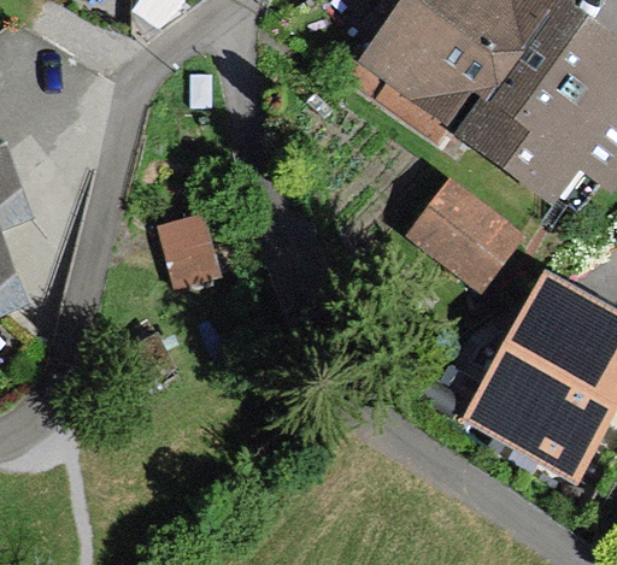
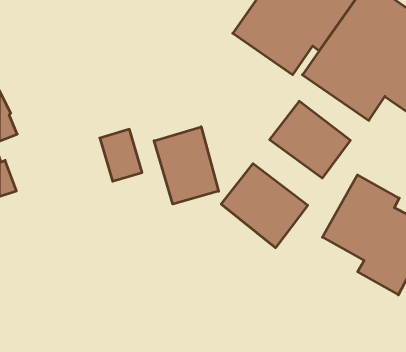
building: none -> [154,127,219,204]
building: none -> [221,164,308,248]

